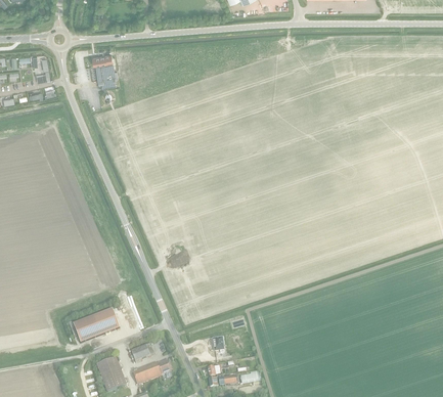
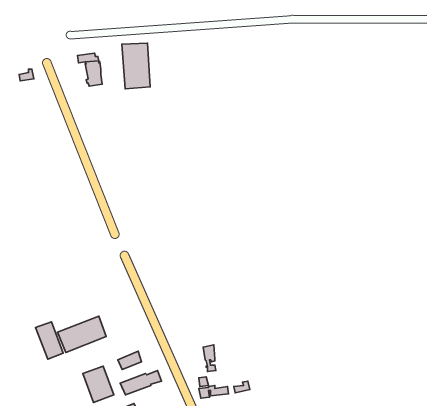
building: none -> [122,43,150,89]
building: none -> [36,322,63,359]

